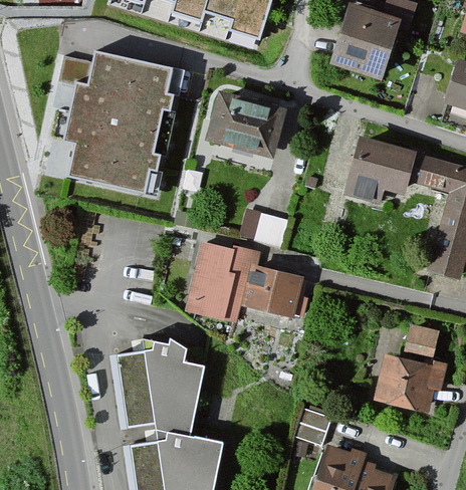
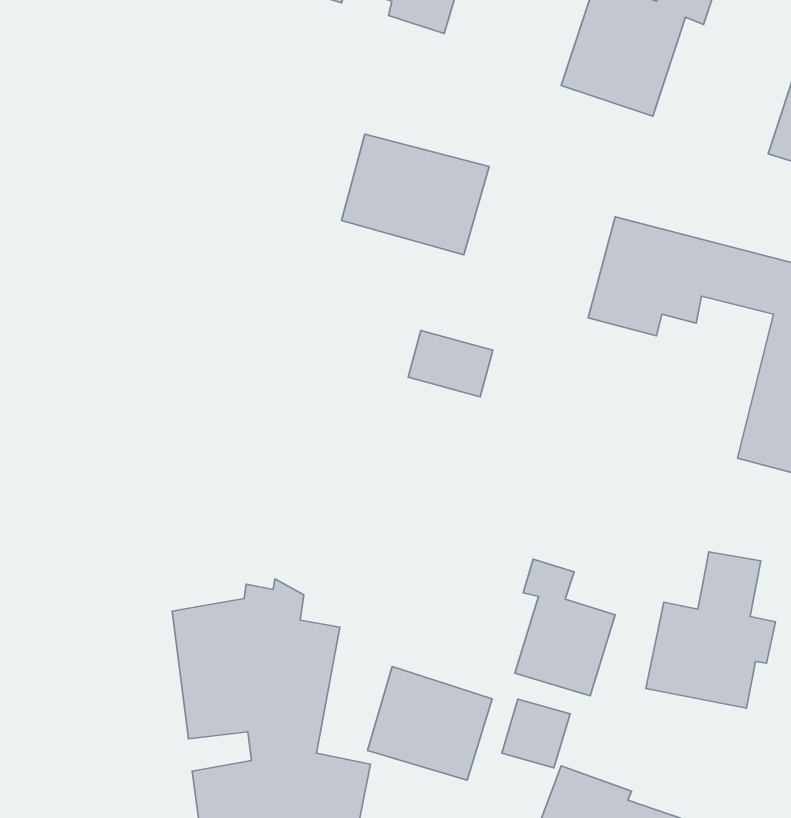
building: [66,47,176,188] -> none
building: [186,242,299,322] -> none
building: none -> [515,559,615,696]
building: none -> [368,667,492,780]

